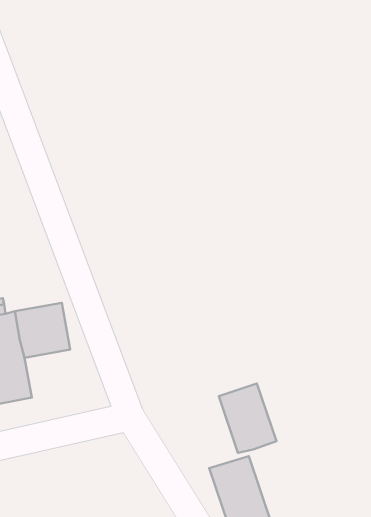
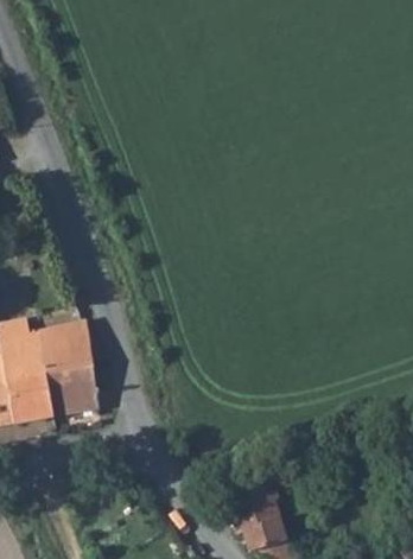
building: none -> [43,369,96,417]
building: [219,383,276,453] -> none

